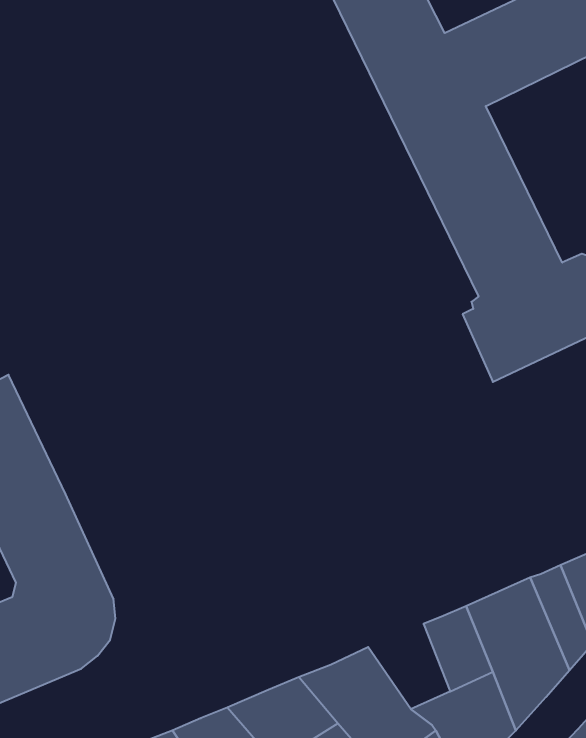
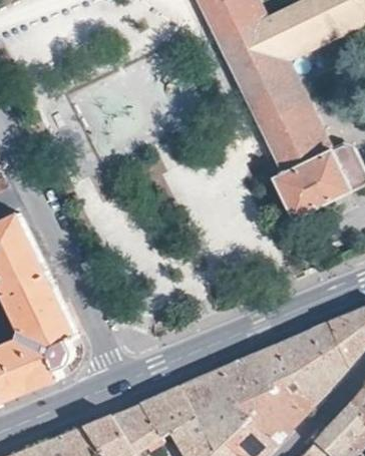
building: none -> [220,355,266,403]

